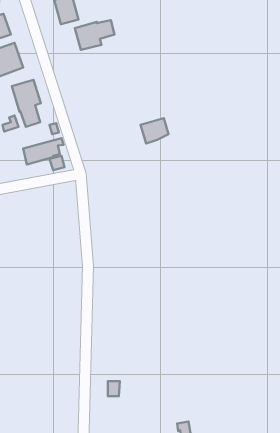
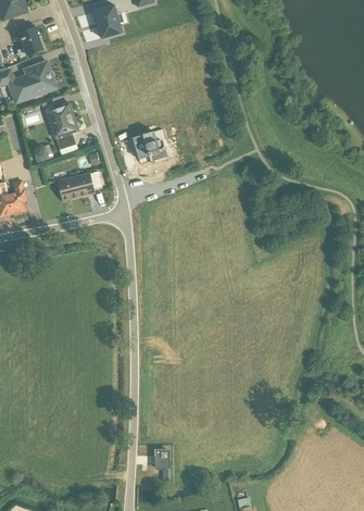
building: [75,20,115,50] -> none
building: [140,118,169,144] -> [131,129,164,159]

